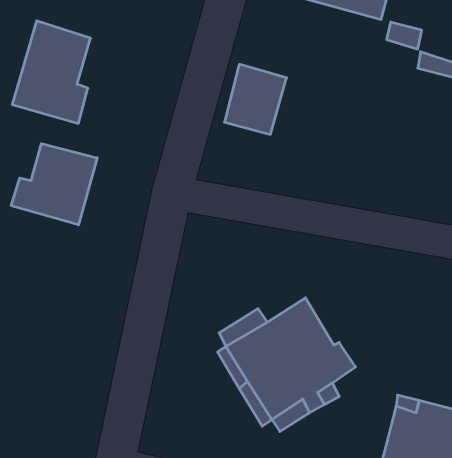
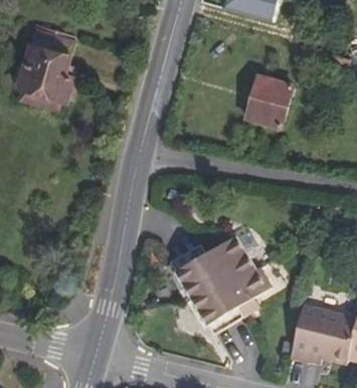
building: [224,64,287,134] -> [245,74,292,127]
building: [11,144,97,225] -> none

